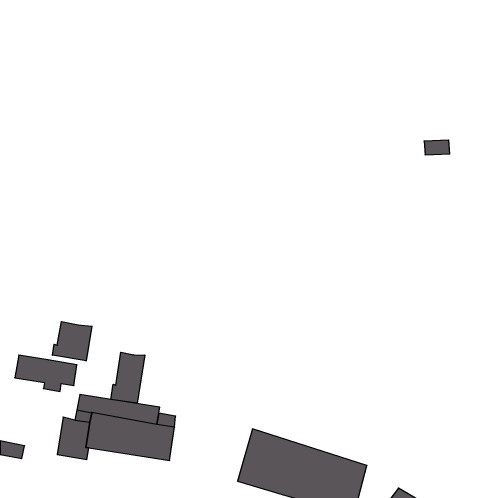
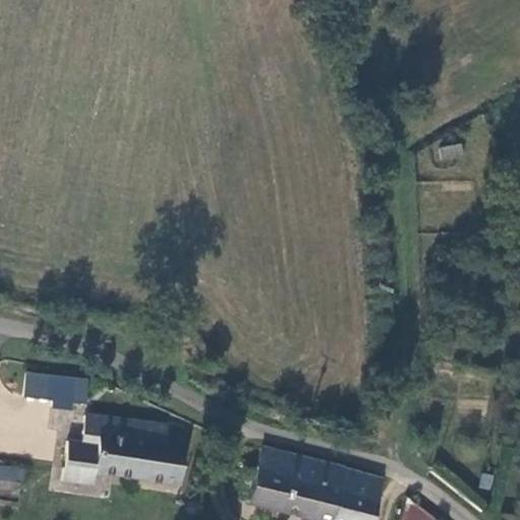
building: [52,322,92,361] -> none
building: [111,352,145,403] -> none

